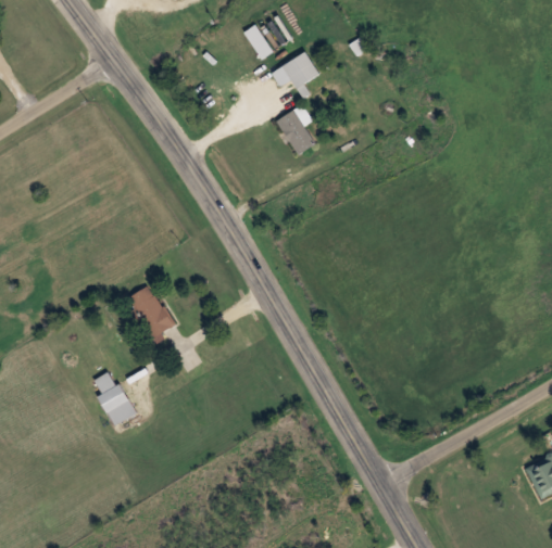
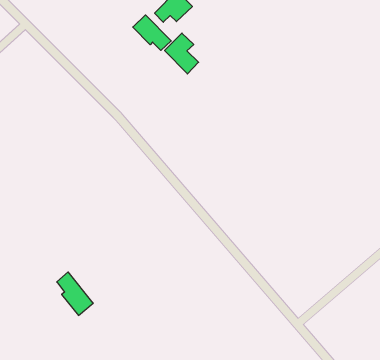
building: none -> [133,15,171,50]
building: [127,285,174,339] -> none

